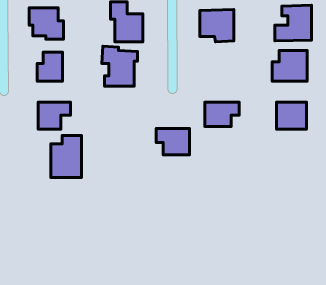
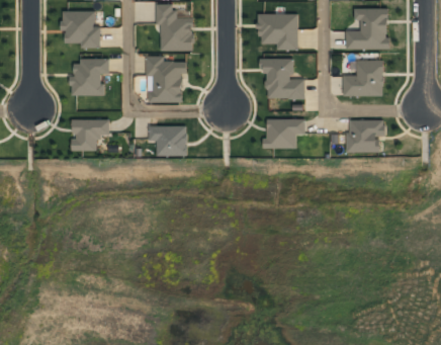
building: none -> [264,59,303,99]
building: [156,129,189,155] -> [148,125,186,156]
building: [51,135,81,178] -> none

